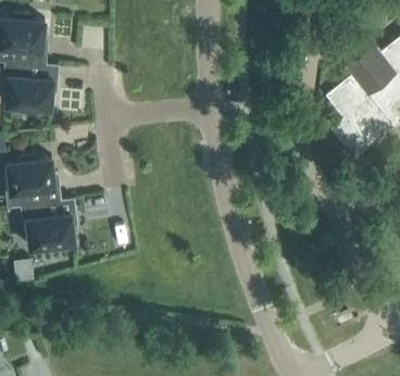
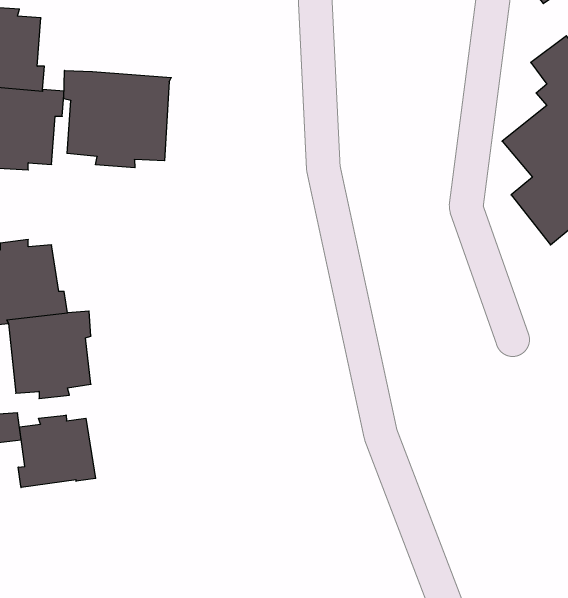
building: none -> [64,70,171,168]
building: none -> [18,415,96,488]

